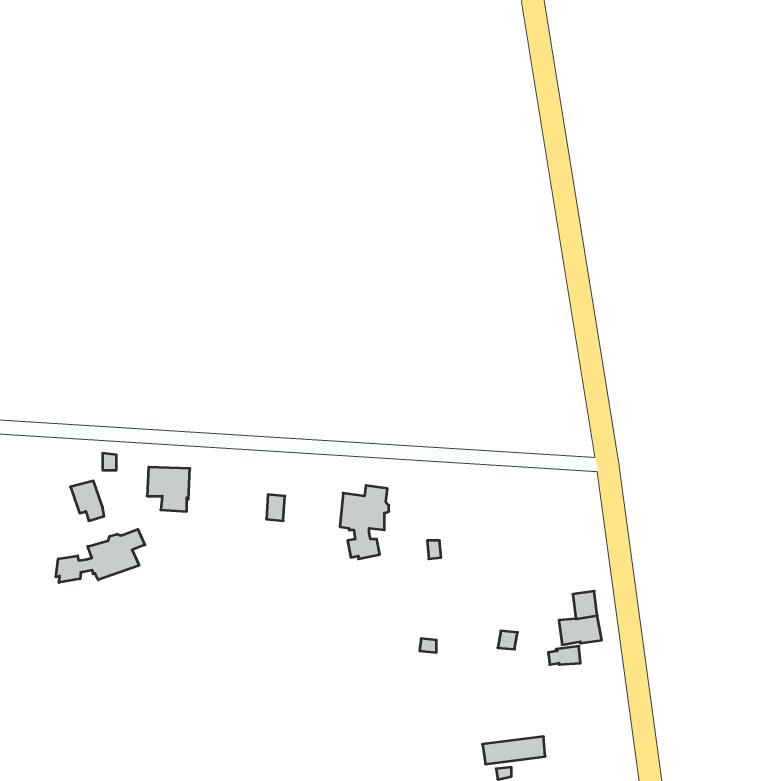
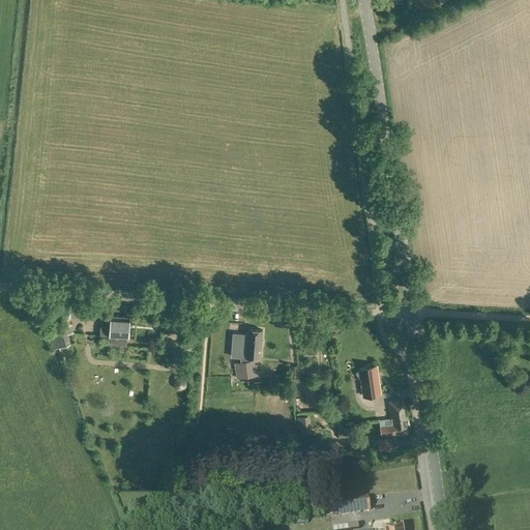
building: [56,529,145,583] -> none
building: none -> [354,366,381,396]

